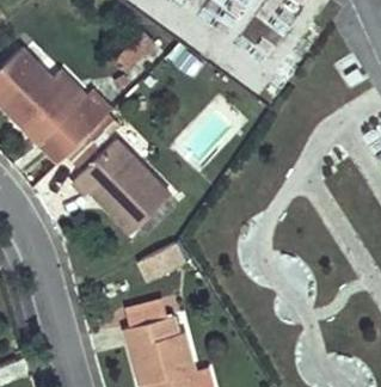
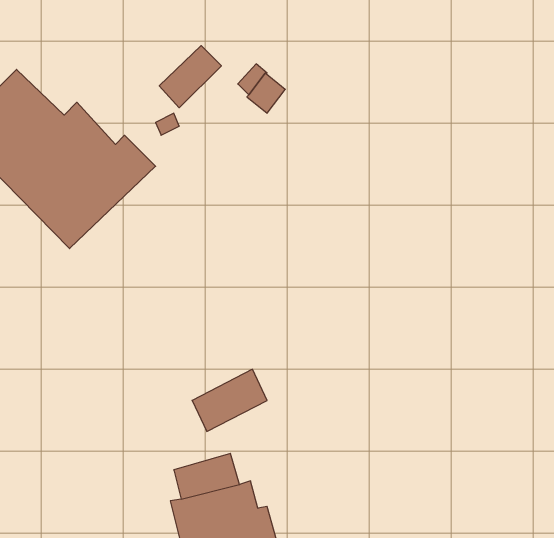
building: [72,139,172,234] -> none

